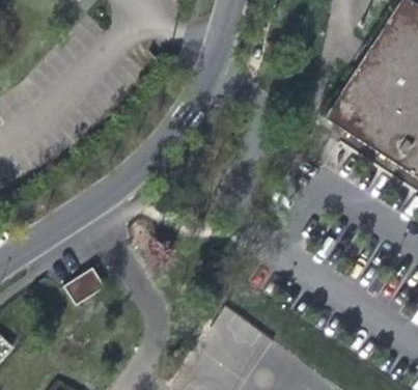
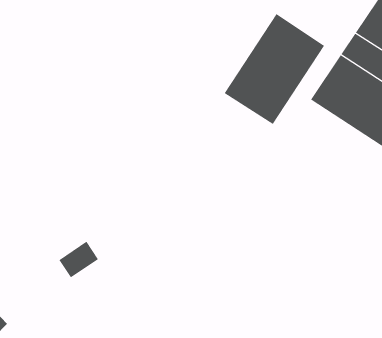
building: none -> [224,13,325,125]

